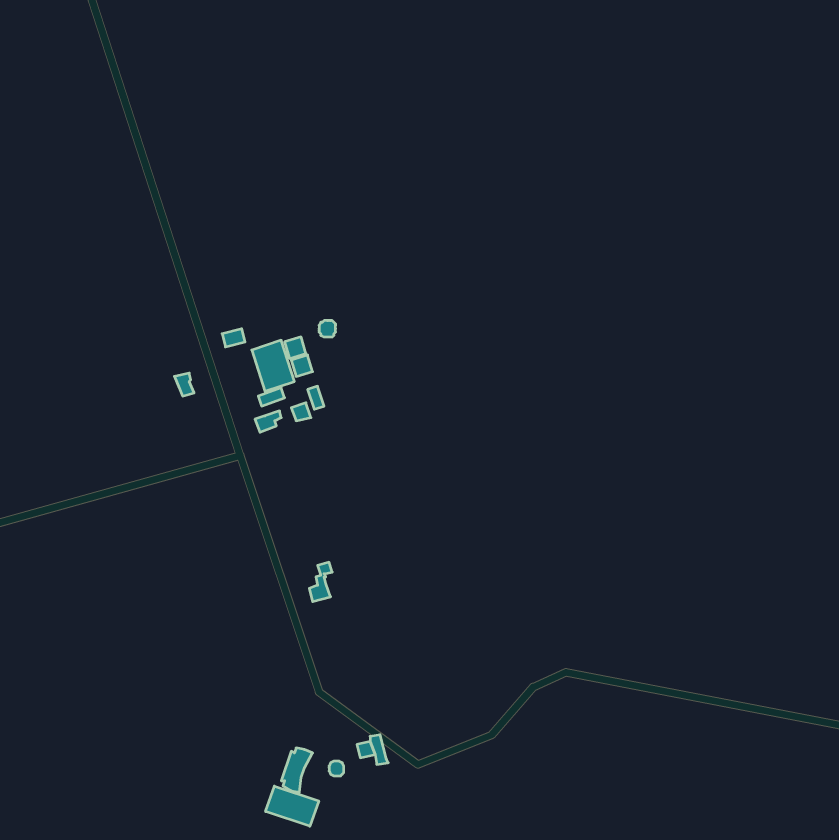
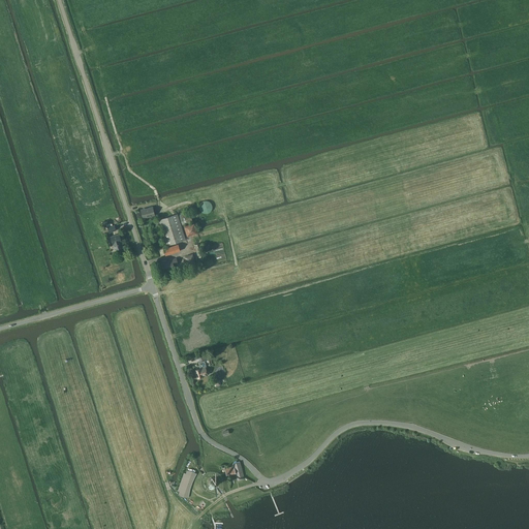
building: [266,786,319,826] -> none

